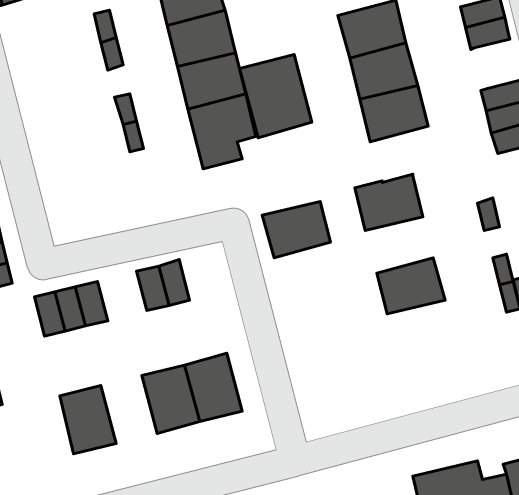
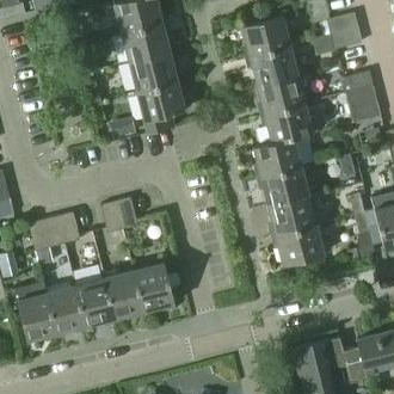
building: [239,54,312,138] -> none
building: none -> [264,103,313,142]
building: [262,201,330,258] -> [260,166,308,205]
building: none -> [276,224,324,264]
building: none -> [75,277,115,325]
building: none -> [13,281,56,339]

